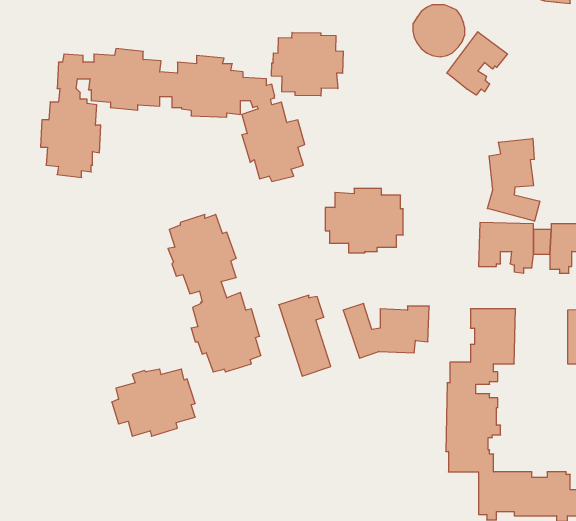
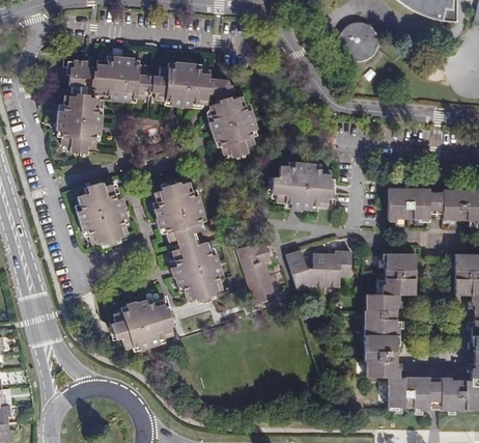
building: [447,32,507,95] -> none
building: [271,32,343,96] -> none
building: [487,138,540,221] -> none
building: none -> [77,183,126,245]

